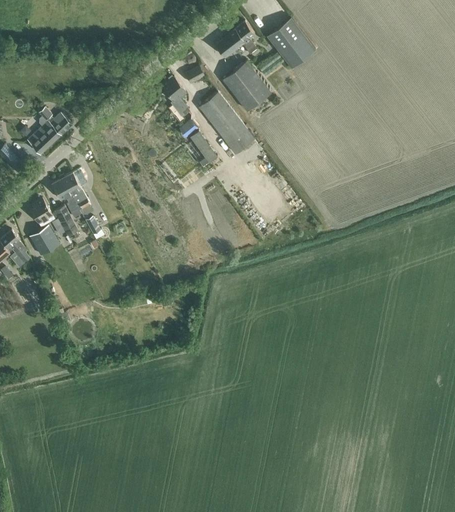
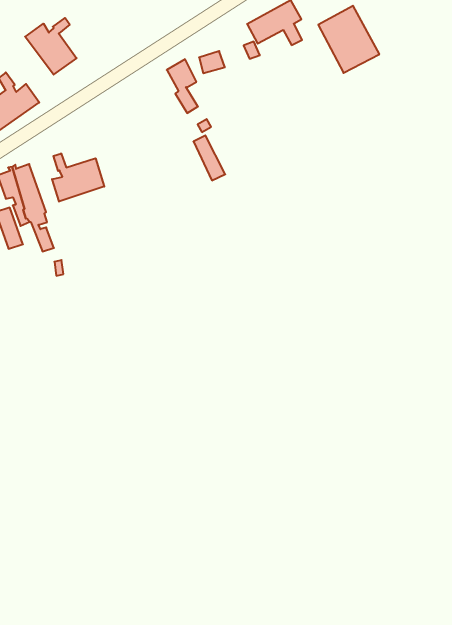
building: [222,61,271,111] -> none
building: none -> [25,18,77,75]
building: [198,92,254,154] -> none
building: none -> [52,153,104,202]

